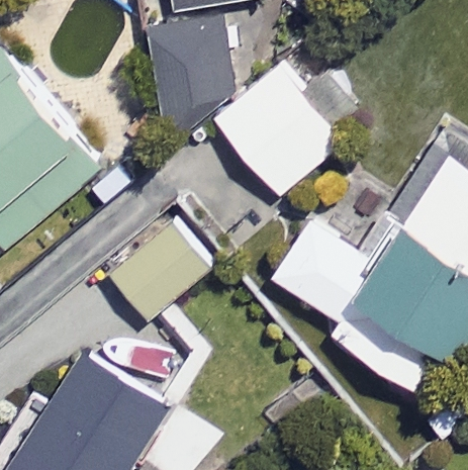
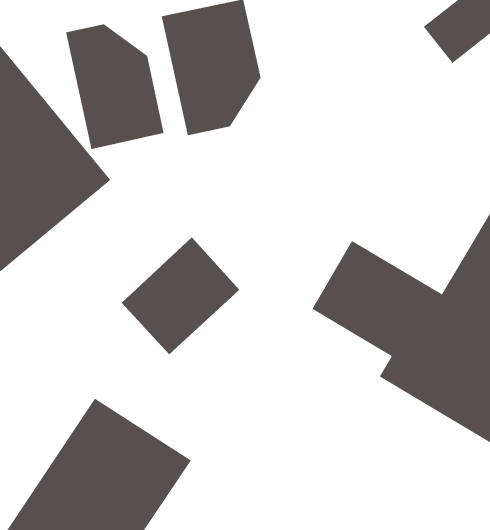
building: none -> [66,23,164,150]
building: [213,63,343,195] -> none

